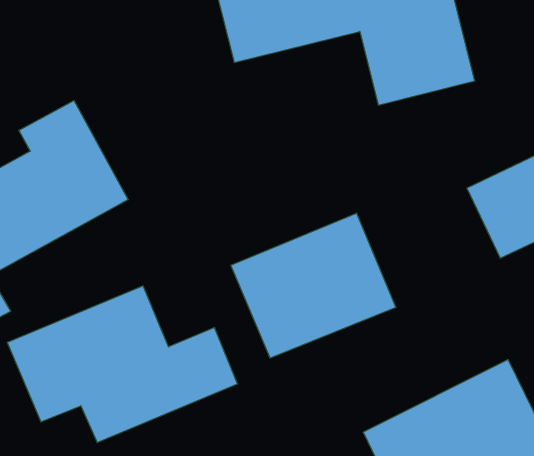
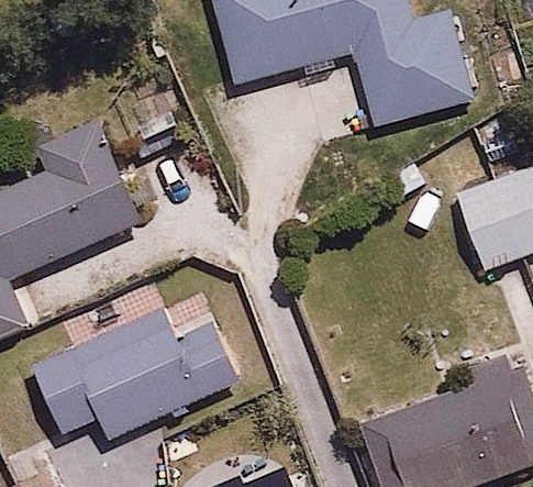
building: [231,213,396,358] -> none

